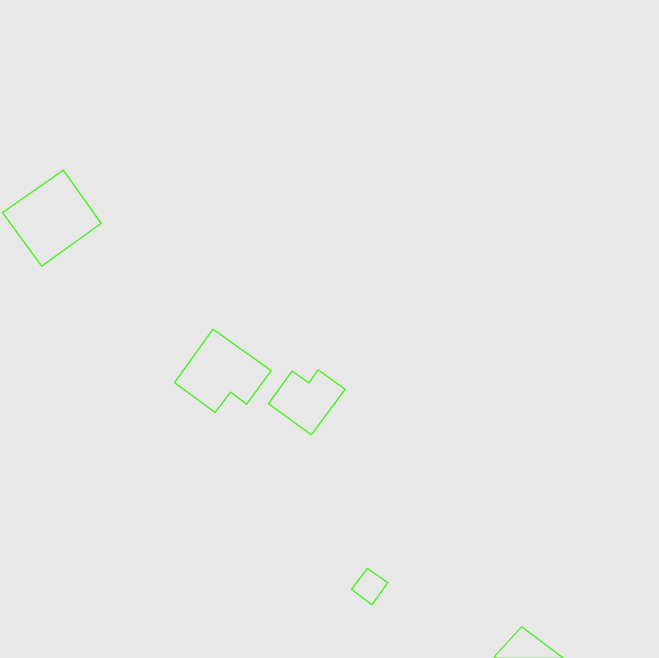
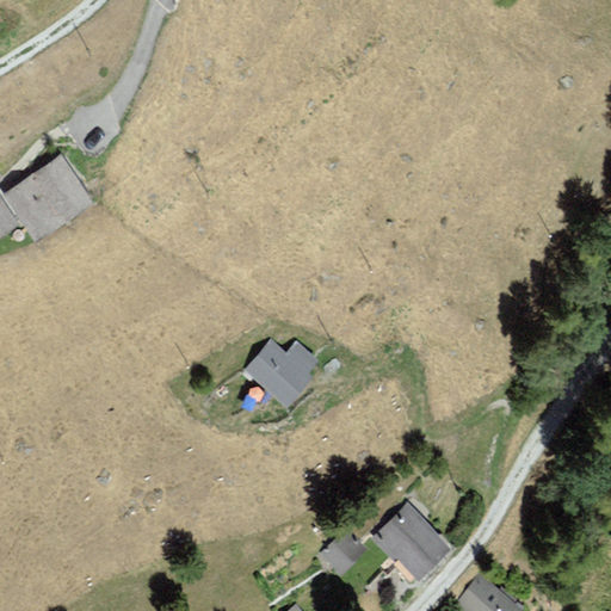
building: [174,329,271,413] -> none
building: none -> [371,506,451,581]

